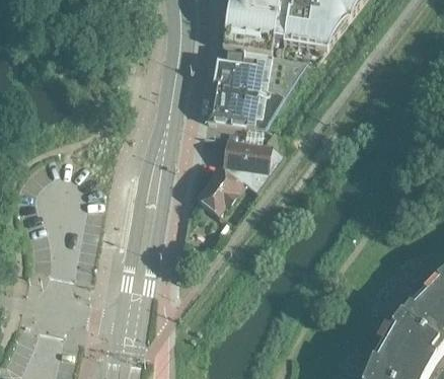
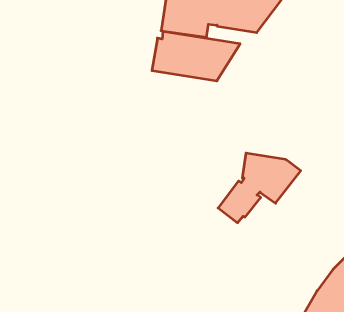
building: [205,88,281,127] -> none
building: [196,136,286,212] -> [218,153,301,223]

